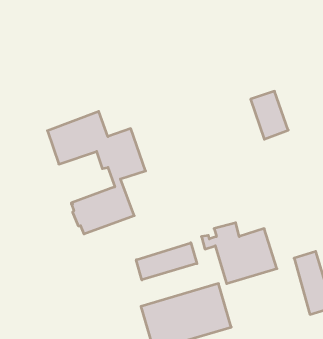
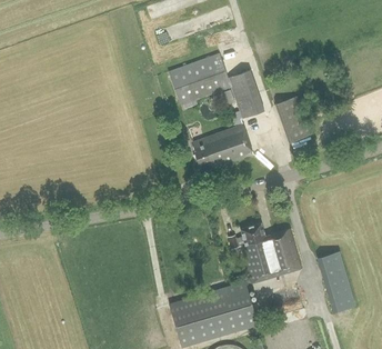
building: [47,111,146,234] -> [169,53,264,172]
building: [136,243,197,280] -> none

